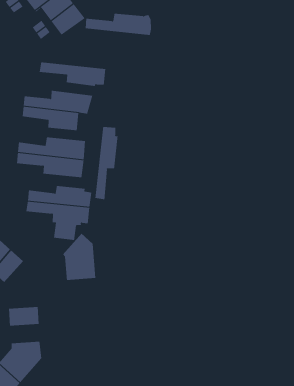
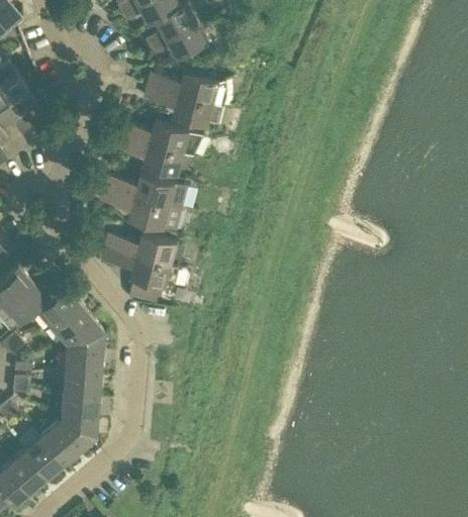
building: [85,13,152,35] -> [148,72,228,105]
building: [95,126,118,200] -> none
building: [62,233,96,280] -> [64,318,103,375]
building: none -> [61,393,98,416]

